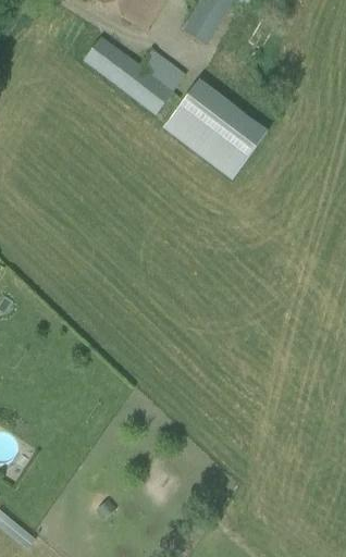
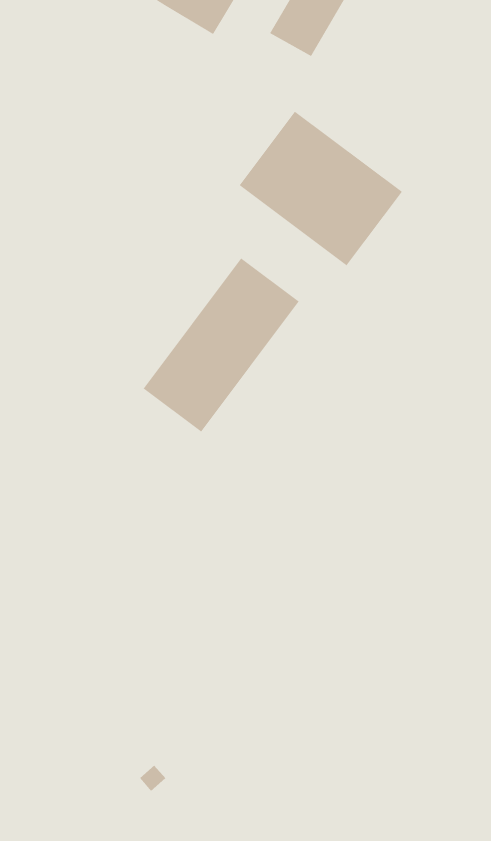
building: [84,37,185,112] -> none
building: none -> [143,258,299,432]

